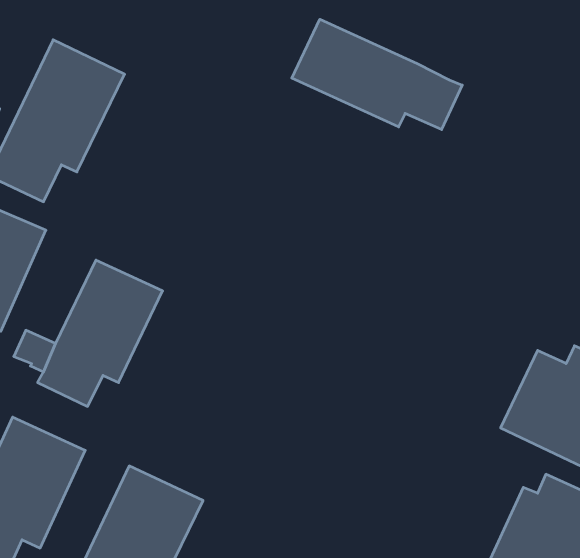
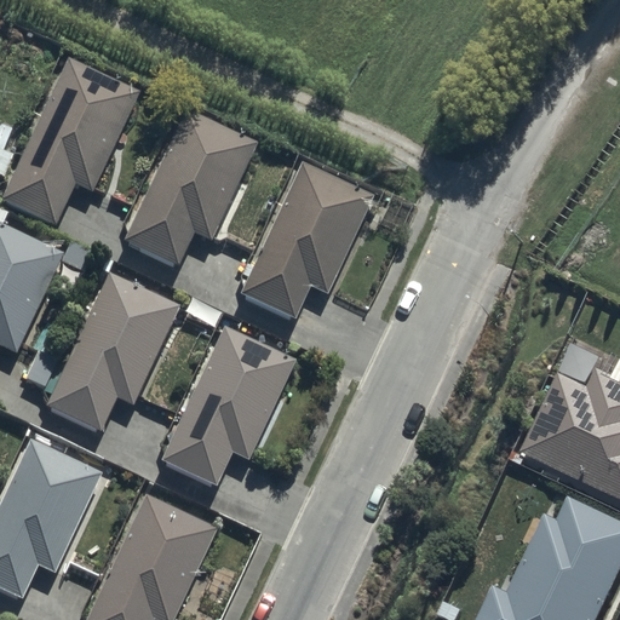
building: [292,19,462,130] -> none
building: none -> [124,108,259,262]
building: none -> [242,160,375,316]
building: none -> [159,325,293,488]

